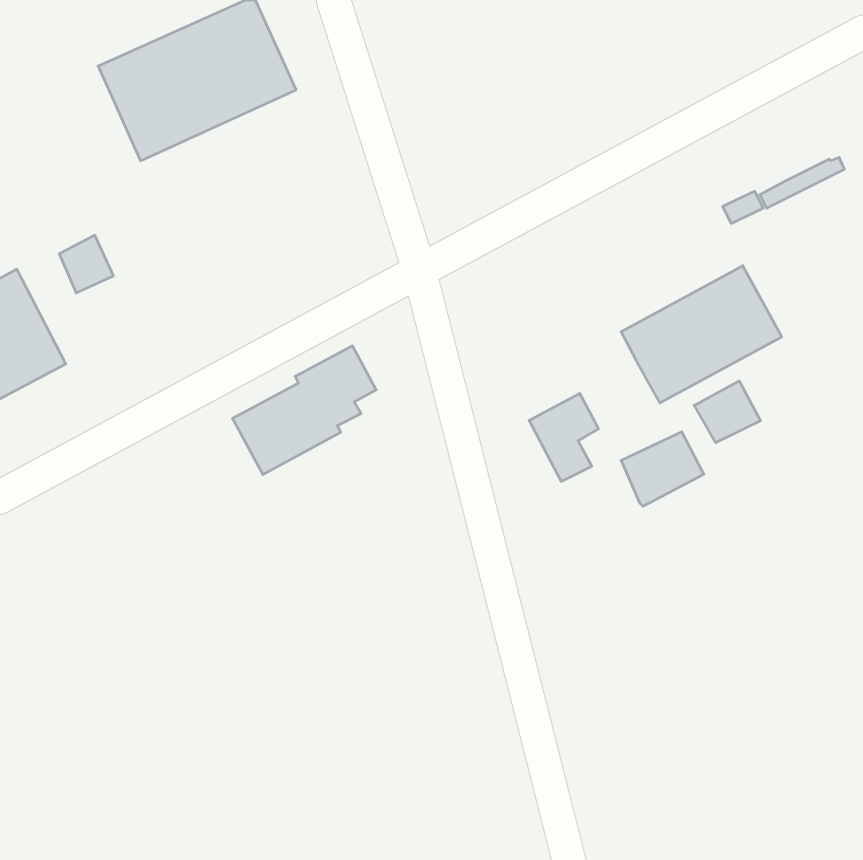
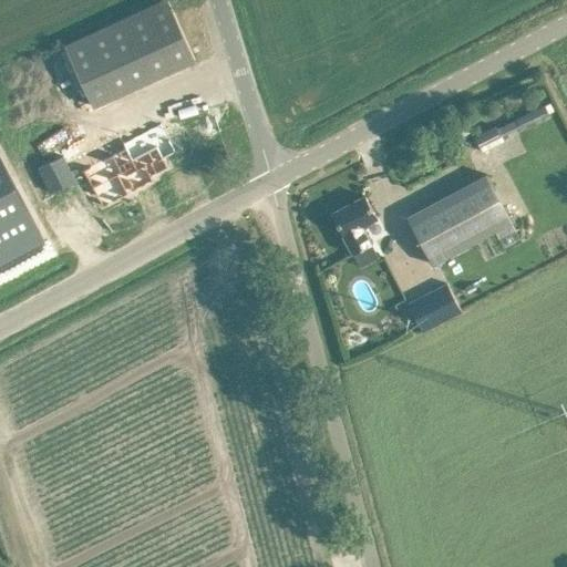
building: [232,346,376,475] -> [90,117,184,202]
building: [694,381,761,443] -> none
building: [529,393,598,481] -> [331,198,377,256]

